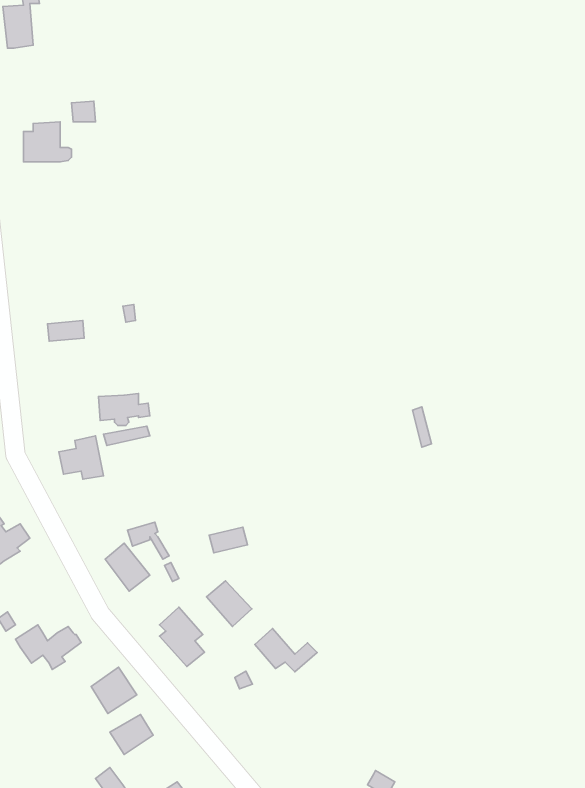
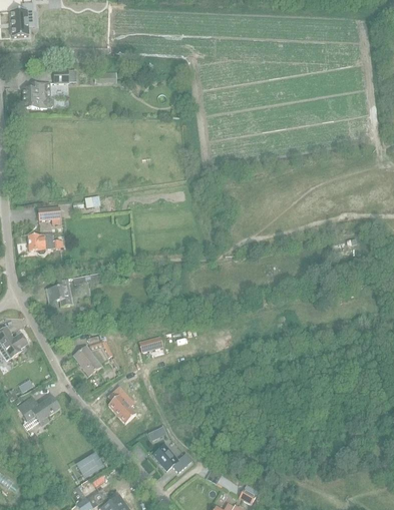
building: [99,393,150,425] -> [28,233,60,253]
building: [206,581,252,626] -> none
building: [255,628,317,672] -> [153,445,192,472]
building: [91,667,137,714] -> none

